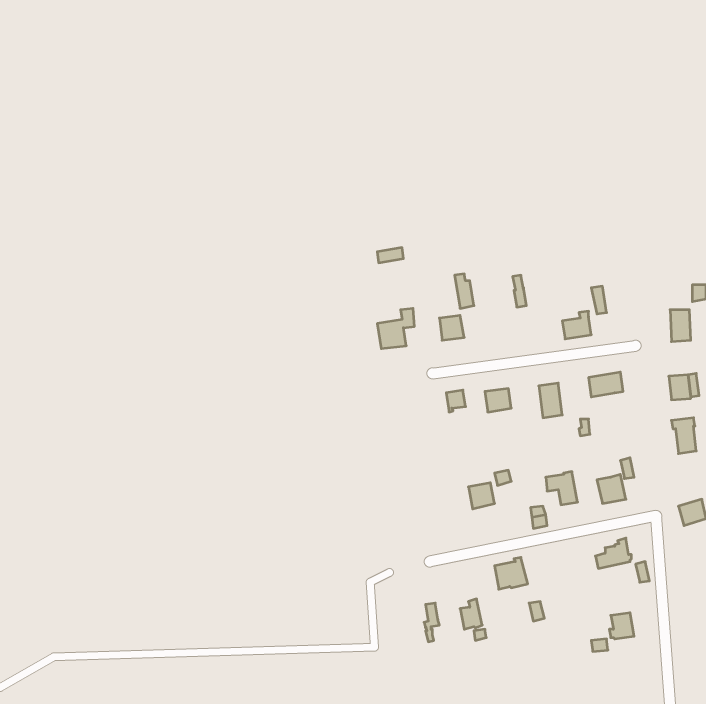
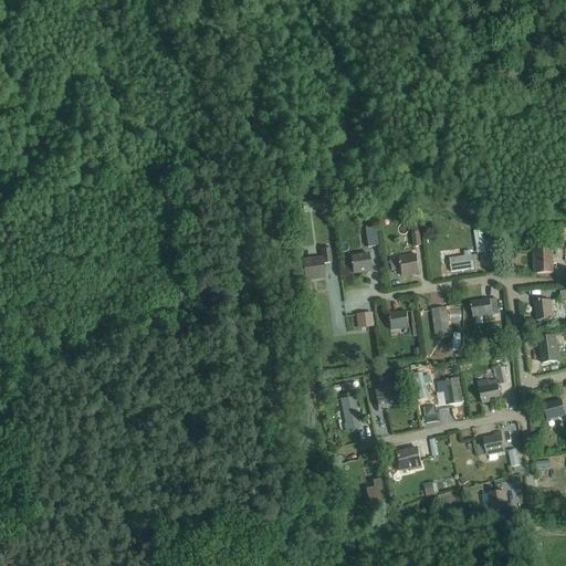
building: none -> [389,253,419,274]
building: none -> [340,395,359,429]

